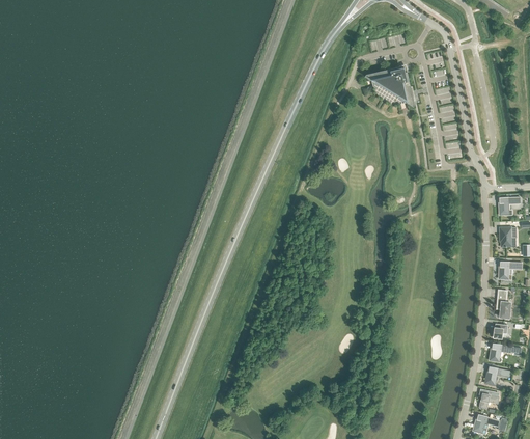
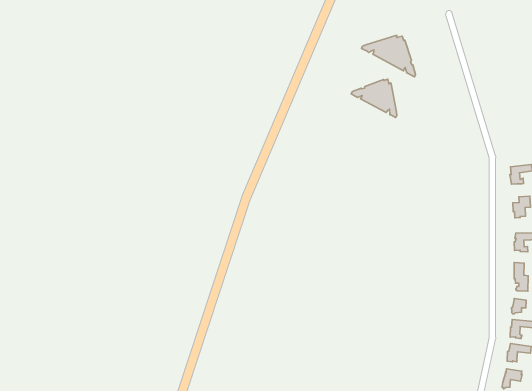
building: none -> [351,79,397,118]

